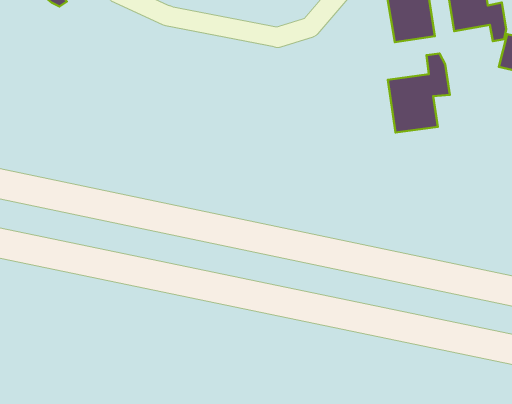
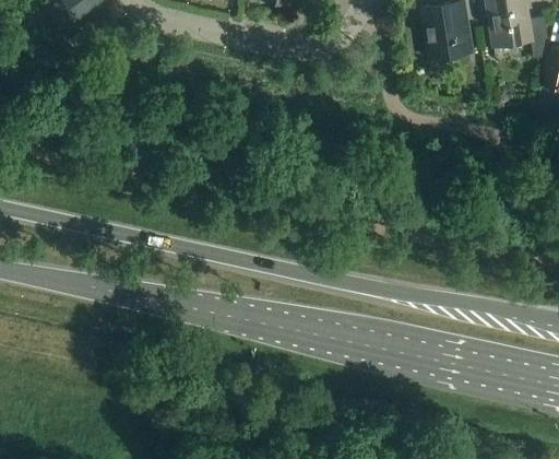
building: [388,54,450,133] -> none

